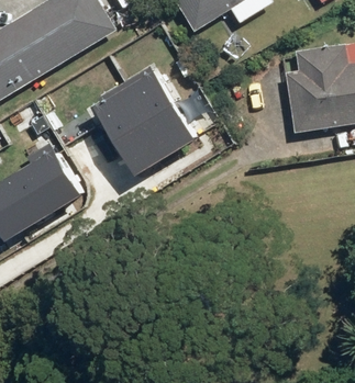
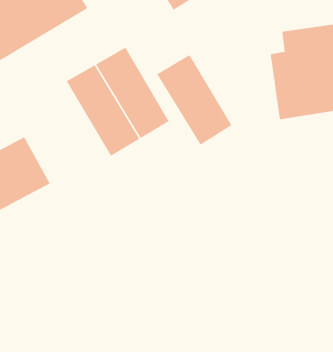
building: none -> [157,54,232,146]

